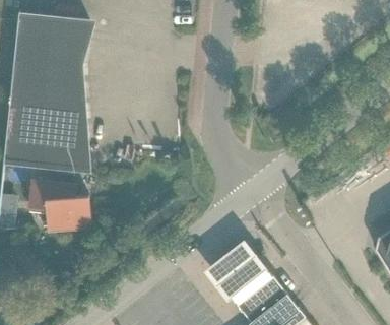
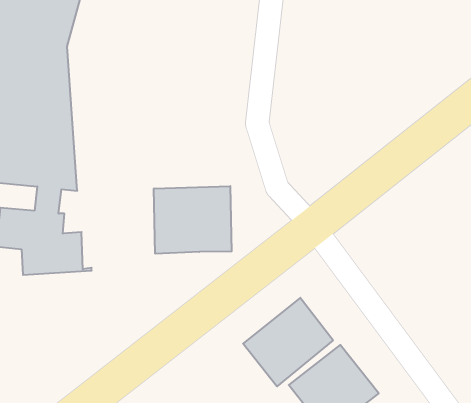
building: none -> [154,186,232,254]

